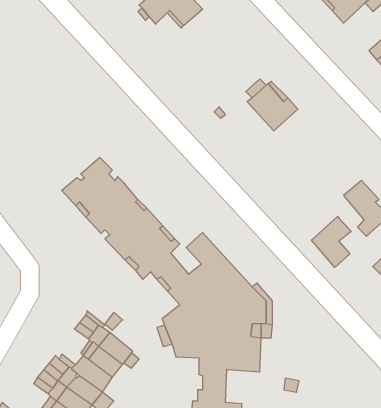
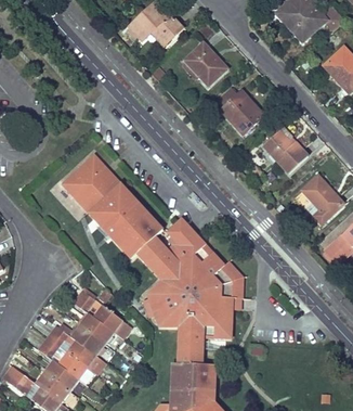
building: none -> [184,42,226,84]
building: none -> [263,130,308,172]
building: [311,216,351,267] -> none

